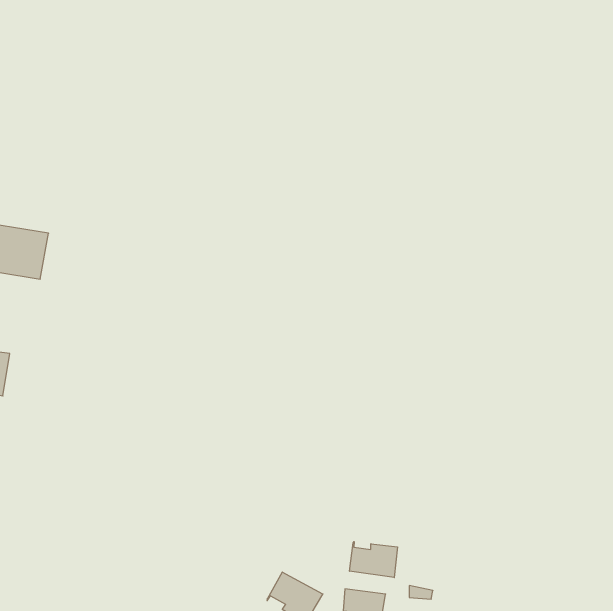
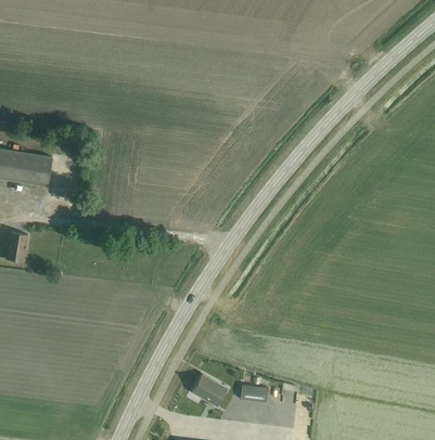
building: [350,542,397,578] -> none

